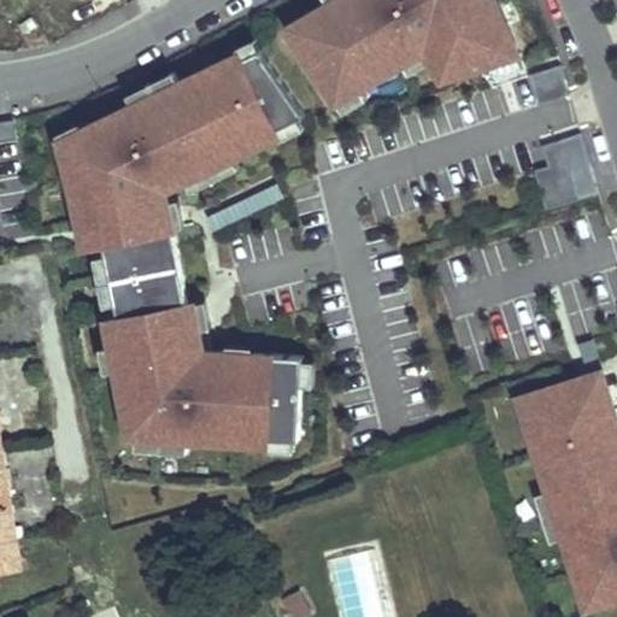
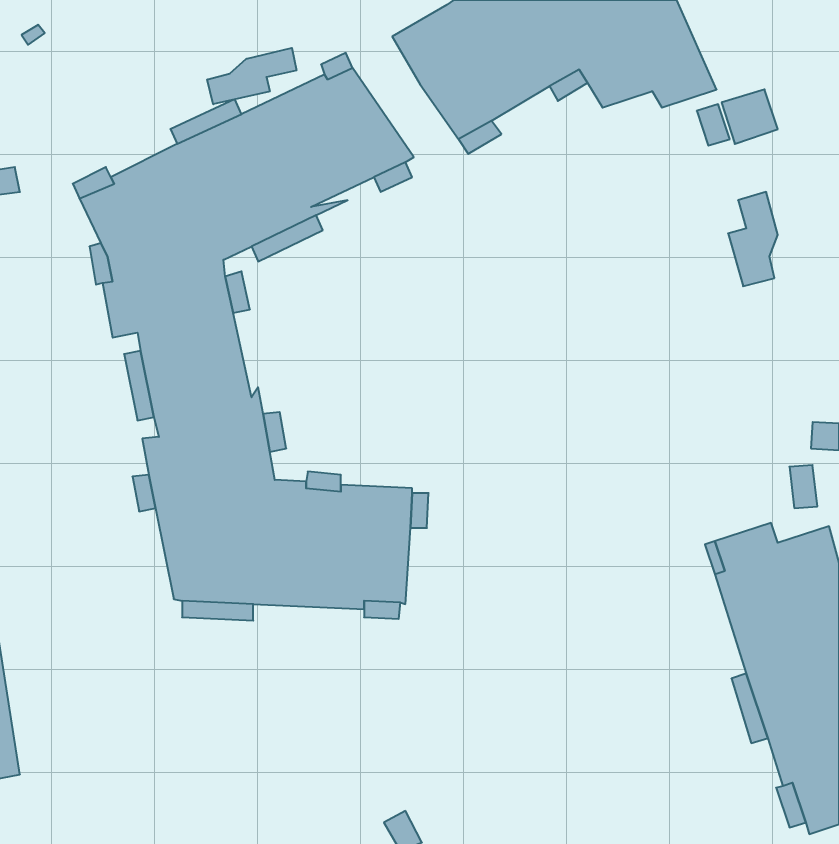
building: none -> [207,48,296,104]
building: [558,135,594,204] -> none

